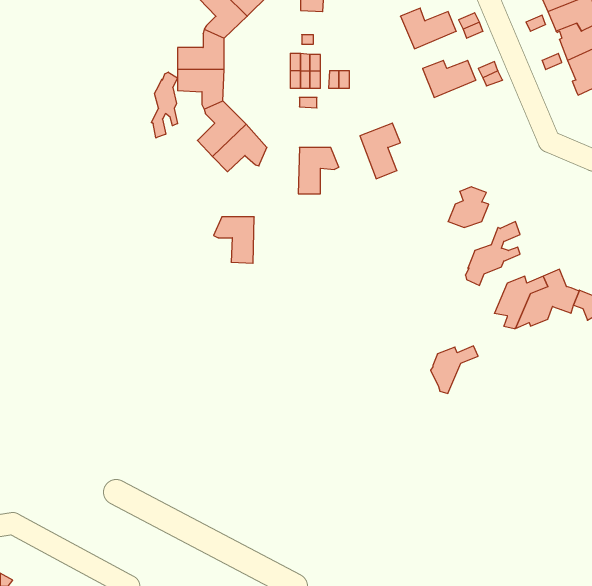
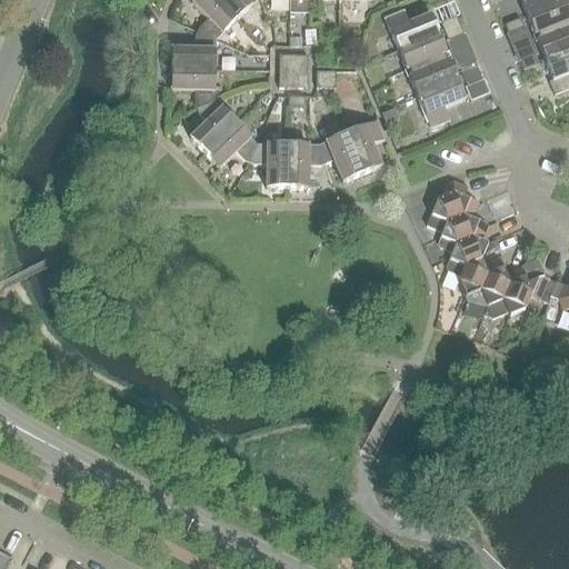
building: none -> [398,30,449,66]
building: [151,72,178,138] -> none
building: none -> [417,77,466,124]
building: none -> [318,130,361,179]
building: none -> [438,196,478,249]
building: [214,217,254,263] -> [249,141,288,186]
building: [431,346,478,393] -> [458,254,503,300]

